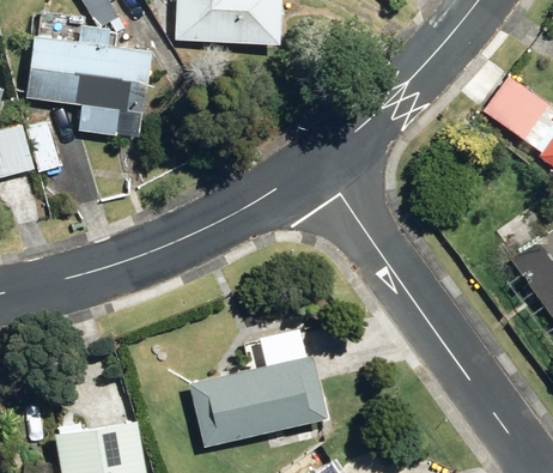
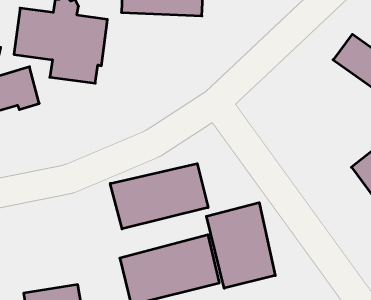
building: none -> [110,164,208,229]
building: none -> [206,203,275,288]

